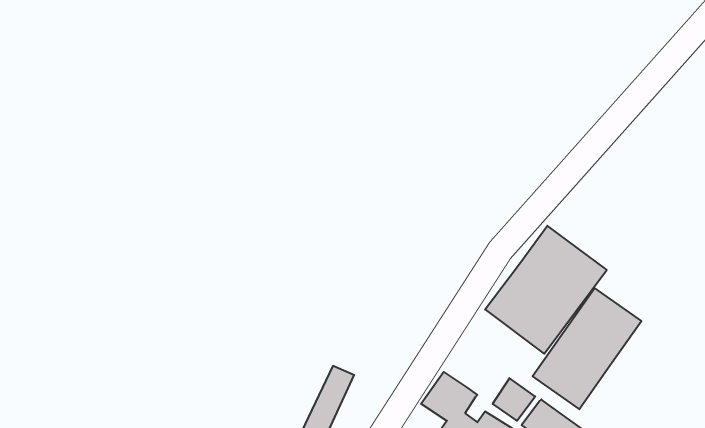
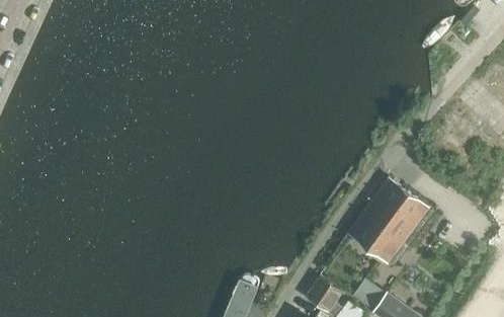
building: [533,288,641,409] -> none

